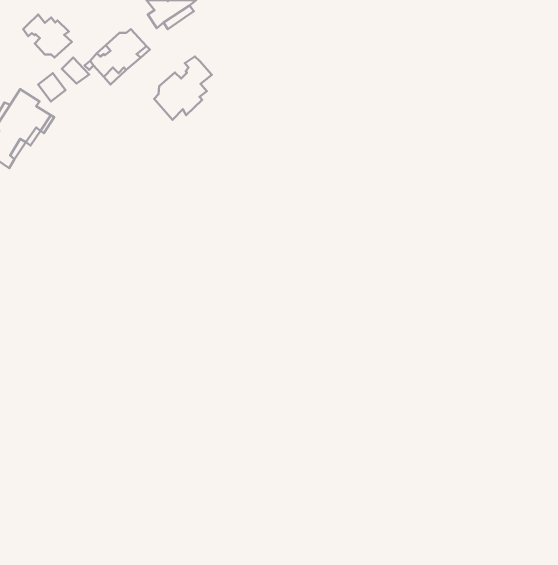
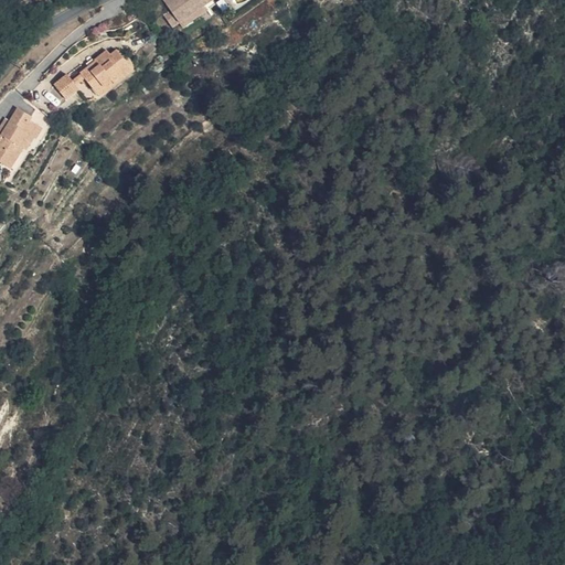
building: [23,15,72,57] -> none
building: [154,56,212,120] -> none

